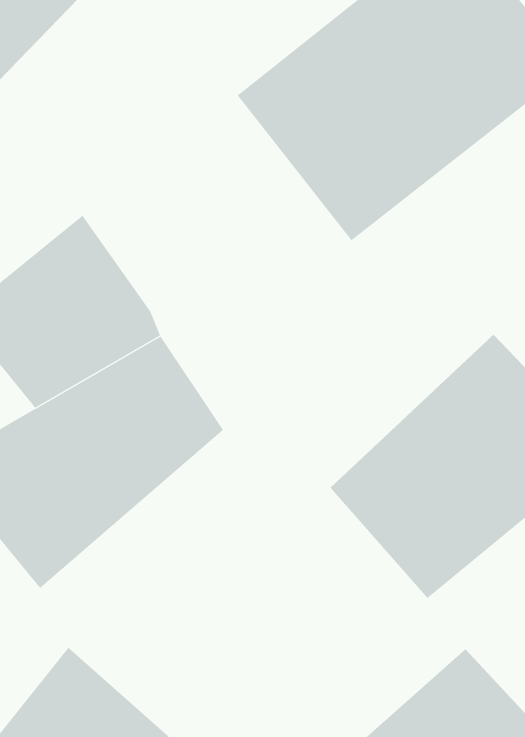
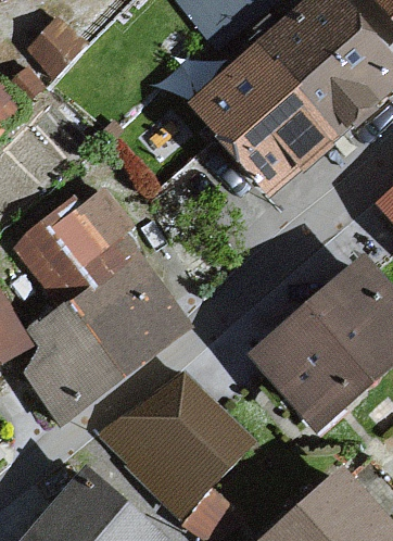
building: none -> [102,368,258,518]

